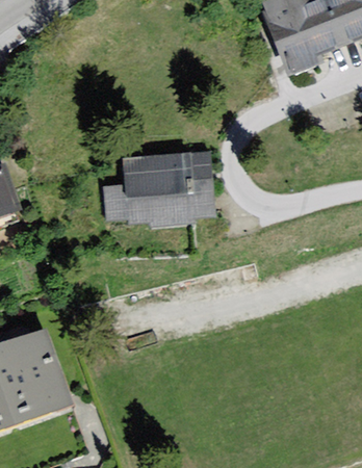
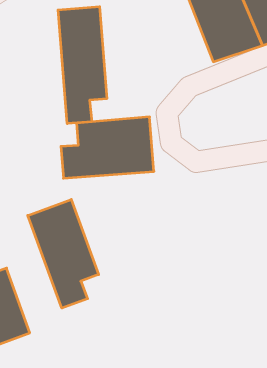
building: none -> [58,7,107,124]
building: none -> [28,199,99,308]

